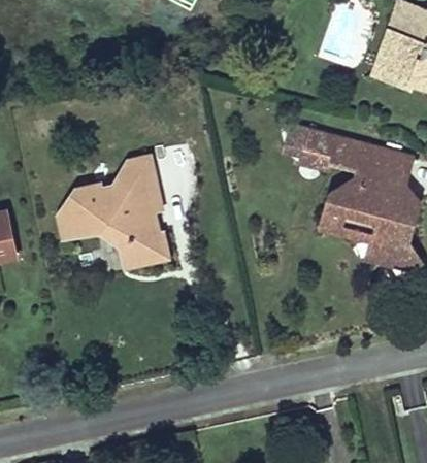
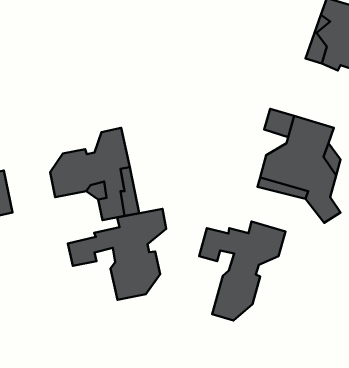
building: [289,125,328,165] -> none
building: none -> [68,209,166,300]
building: none -> [199,221,286,320]

